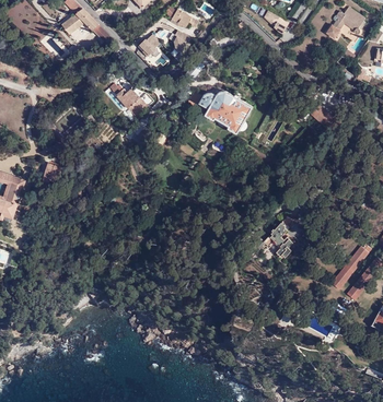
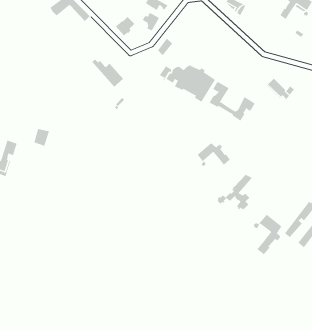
building: none -> [209,81,256,121]
building: none -> [197,142,230,167]
building: none -> [253,214,282,255]

